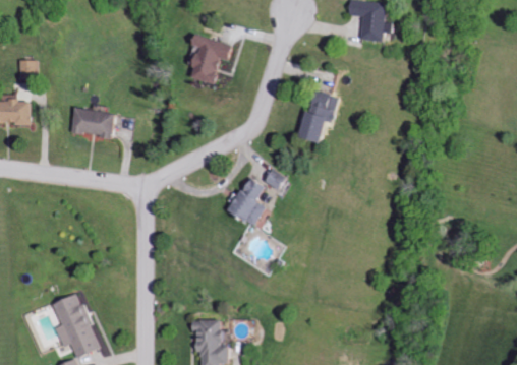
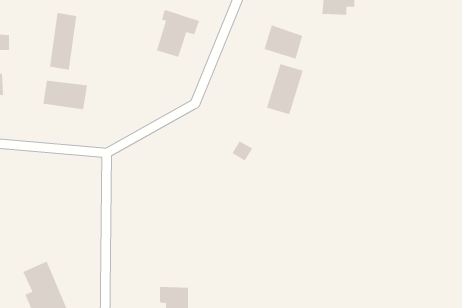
building: none -> [49,12,77,70]
building: none -> [264,25,303,59]
building: [229,176,265,224] -> none

